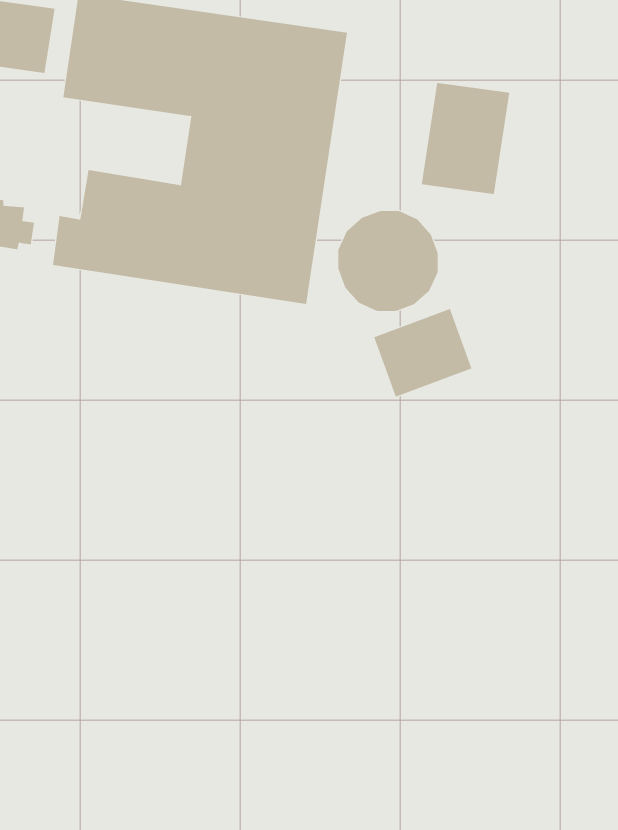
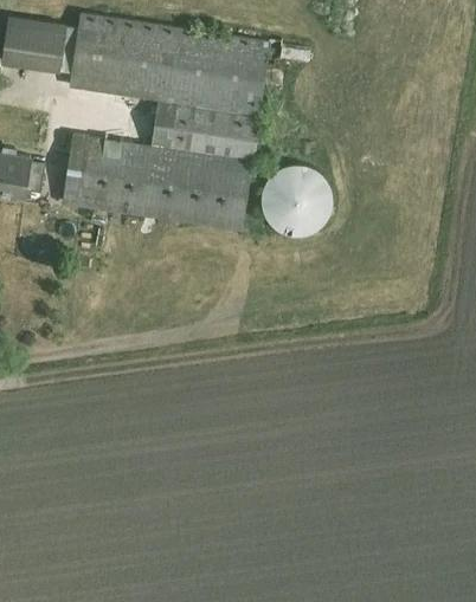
building: [421,82,510,195] -> none
building: [374,308,472,397] -> none

